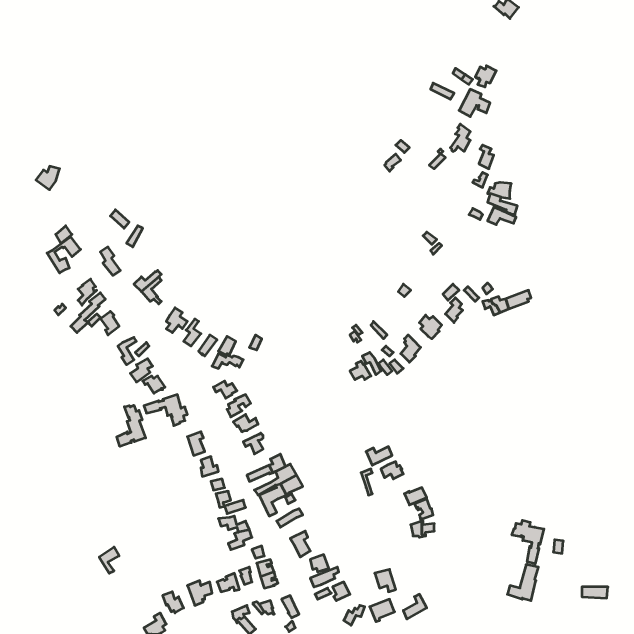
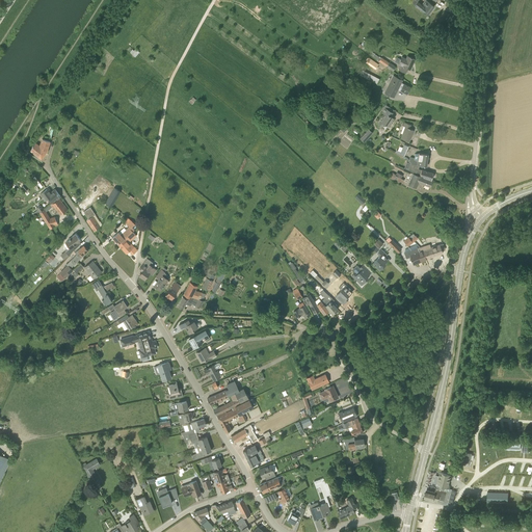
building: [117,405,146,446] -> none
building: [512,520,544,564] -> none

